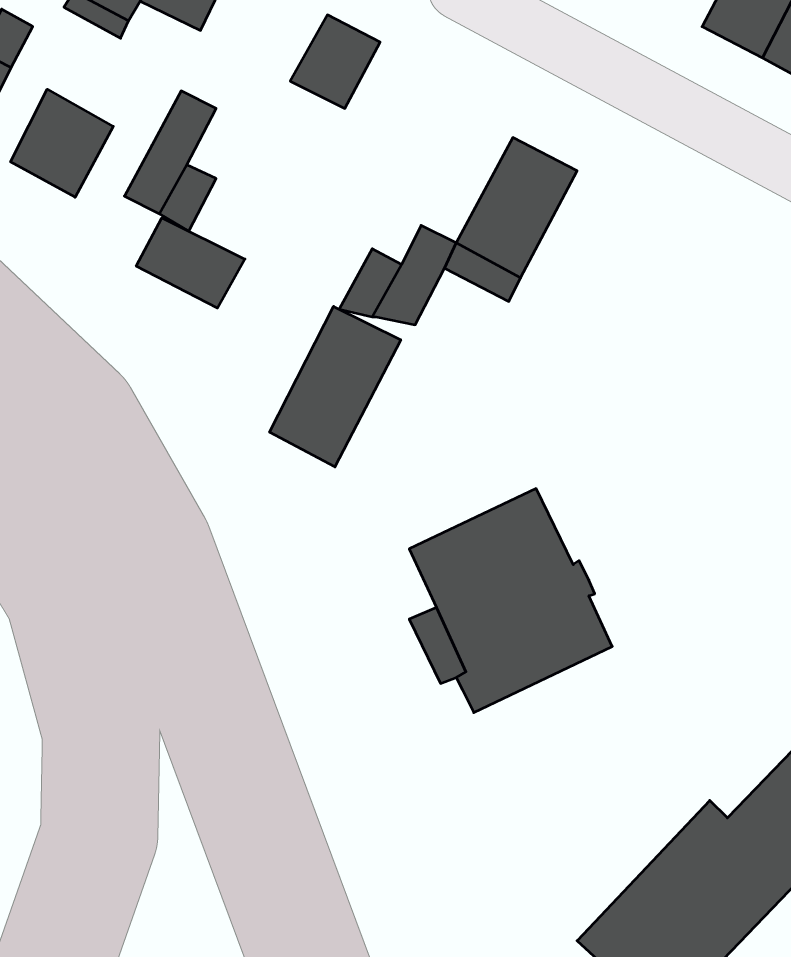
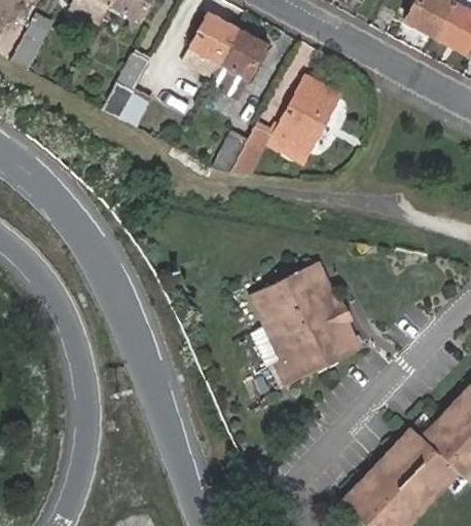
building: none -> [217,28,266,78]
building: [11,89,113,197] -> none
building: [136,218,245,308] -> none
building: [270,306,401,467] -> none

